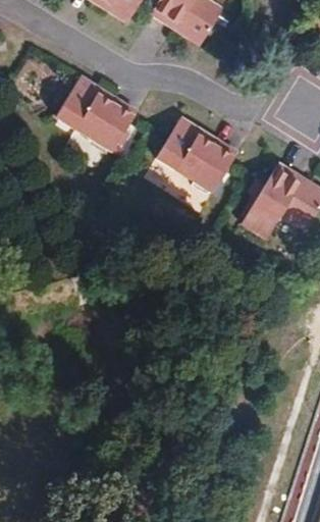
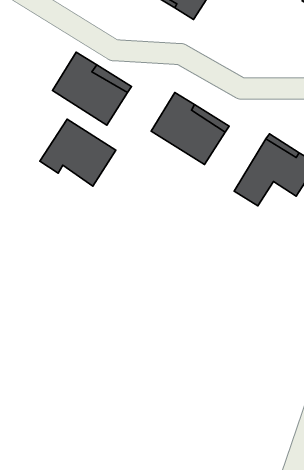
building: none -> [40,119,116,186]

